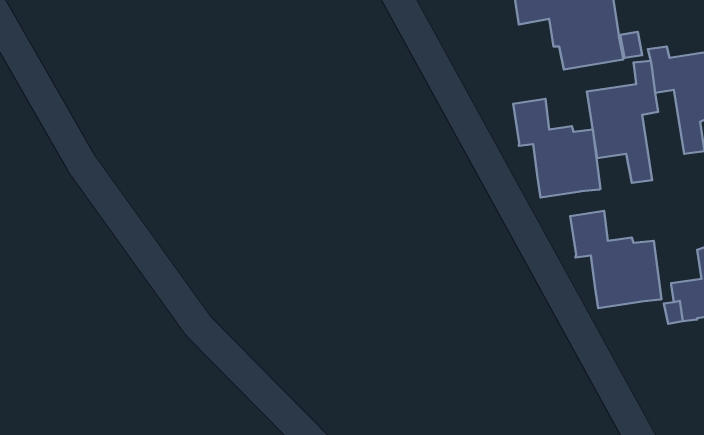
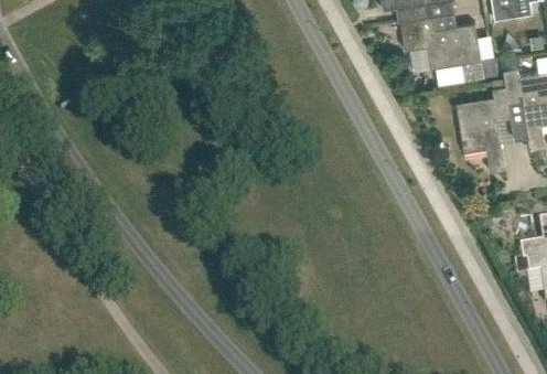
building: [513,99,601,197] -> none
building: [570,211,661,308] -> none

